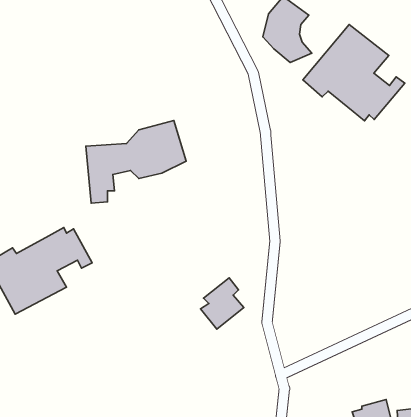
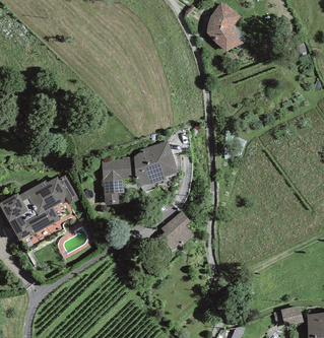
building: [303,24,405,121] -> none
building: [86,120,186,203] -> [102,142,177,204]

